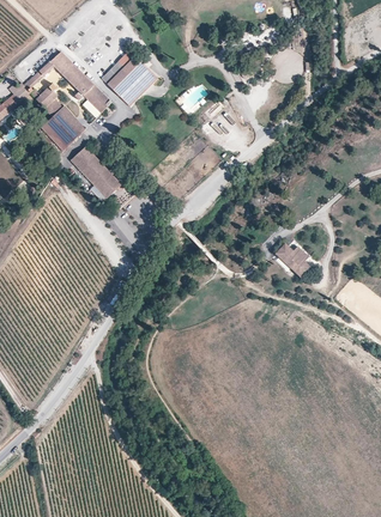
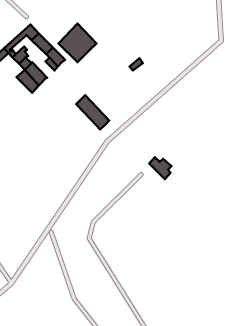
building: [72,147,120,197] -> [76,95,109,130]
building: [277,244,309,276] -> [149,157,171,179]

